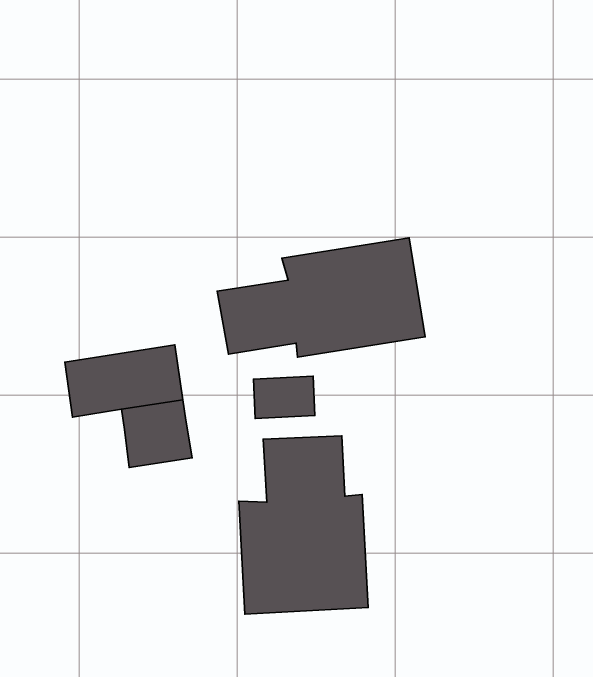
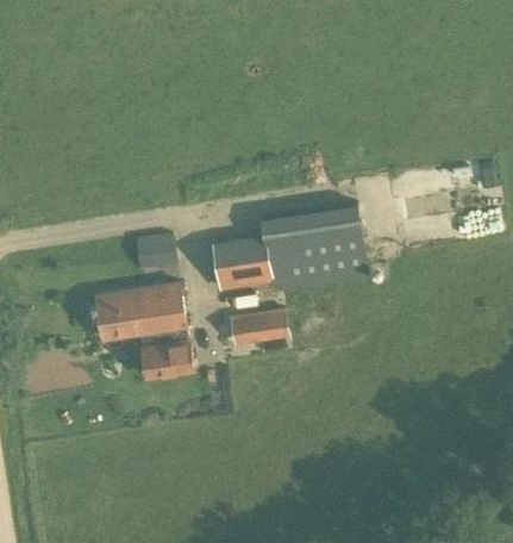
building: none -> [134,235,176,270]
building: [239,436,368,614] -> none

